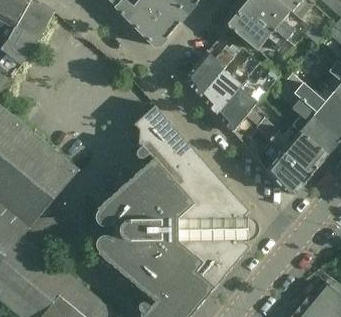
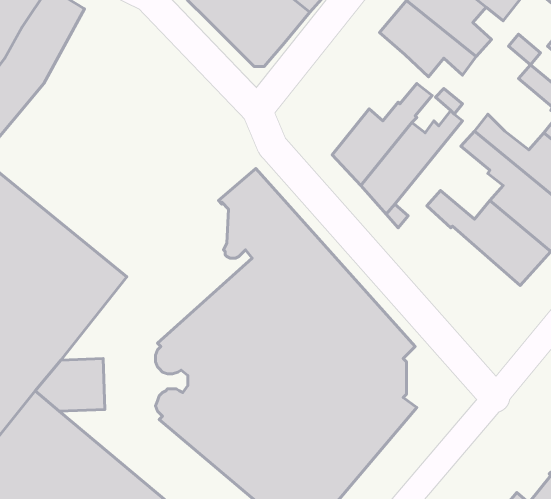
building: [187,42,242,97] -> none
building: [260,139,311,194] -> none

